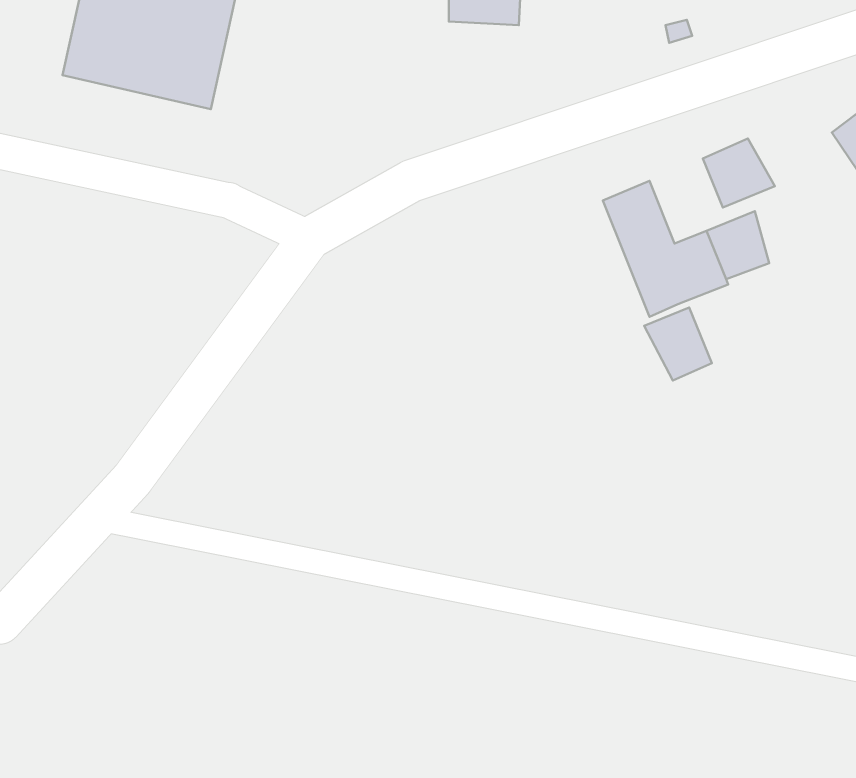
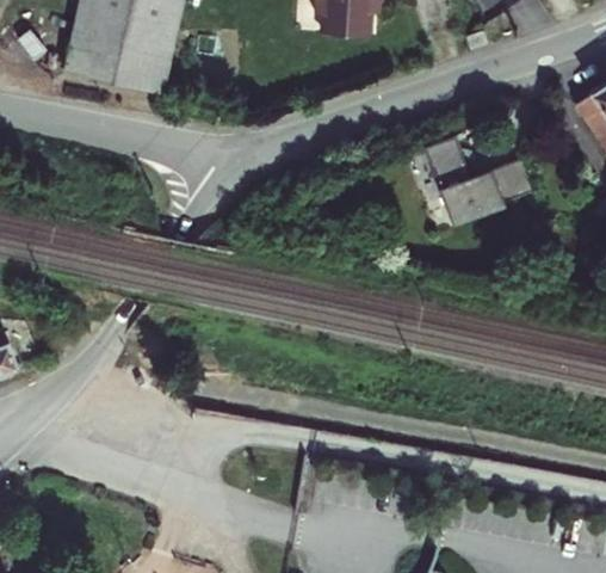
building: [703,139,775,207] -> none
building: [644,308,712,381] -> none

